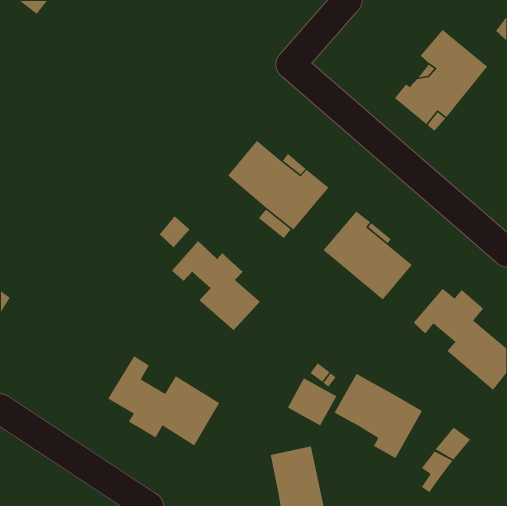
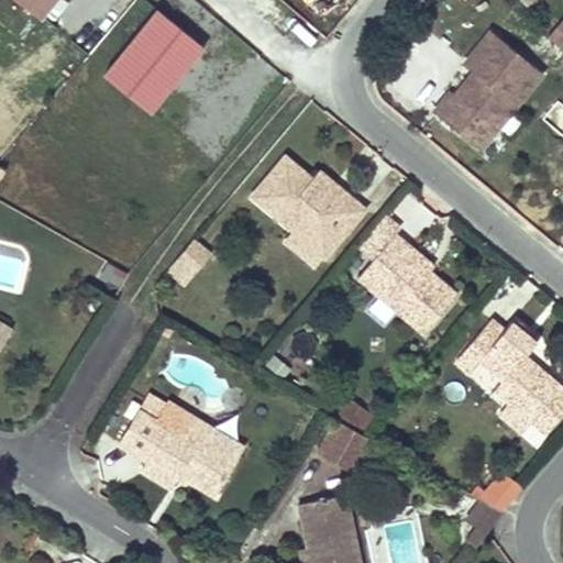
building: none -> [104,10,205,112]
building: [171,240,261,331] -> none
building: [333,373,423,459] -> none

